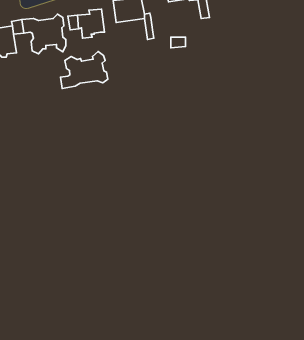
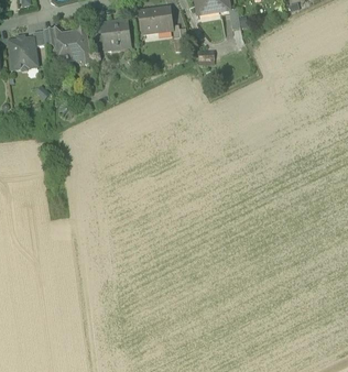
building: [61,52,108,89] -> none

